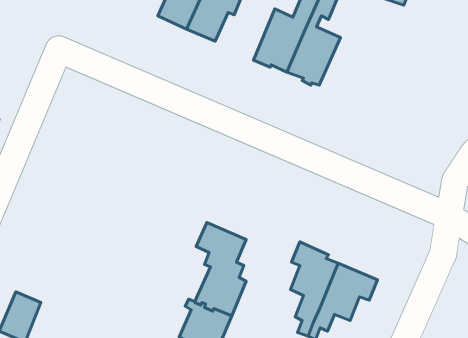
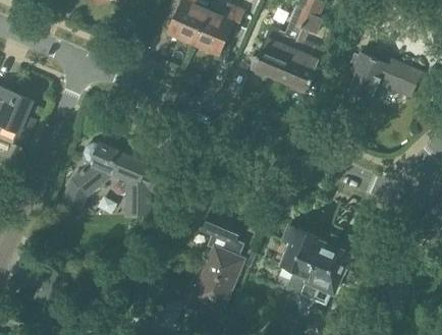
building: none -> [343,53,421,105]
building: none -> [62,143,159,217]

